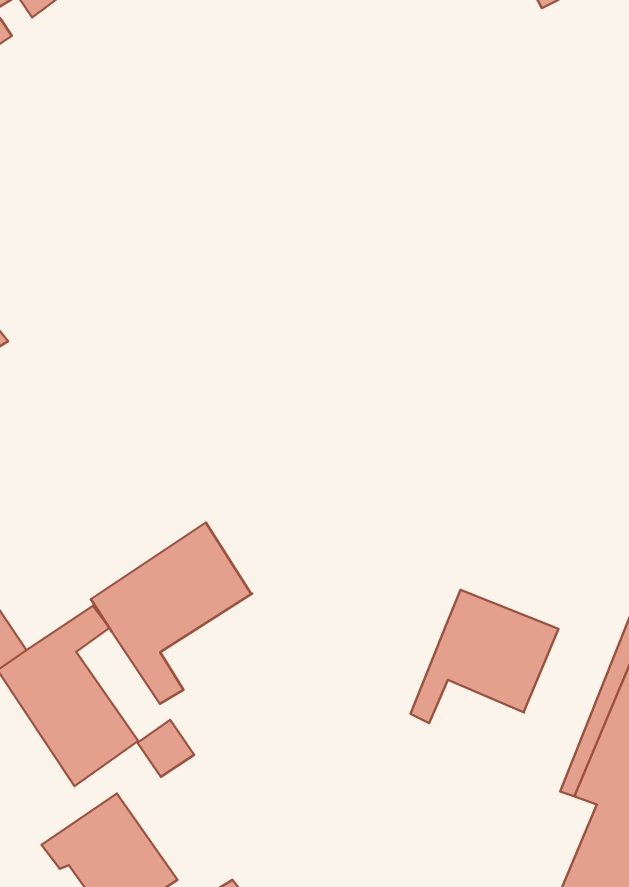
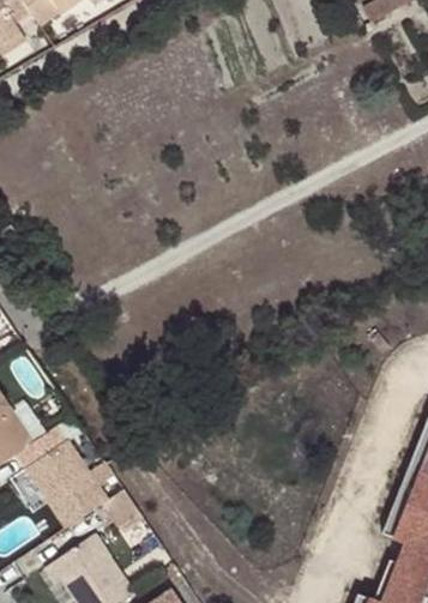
building: [91,522,252,704] -> none
building: [411,590,558,723] -> none

